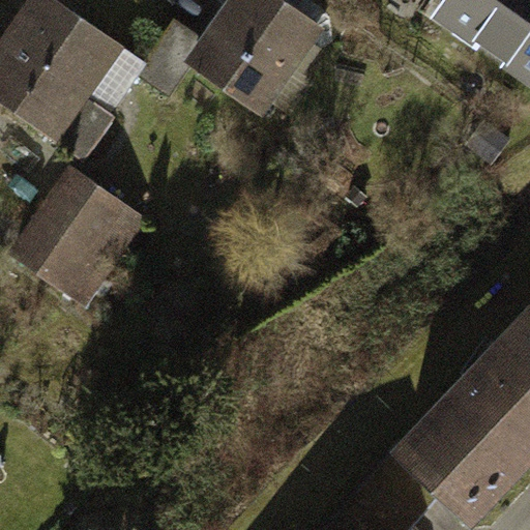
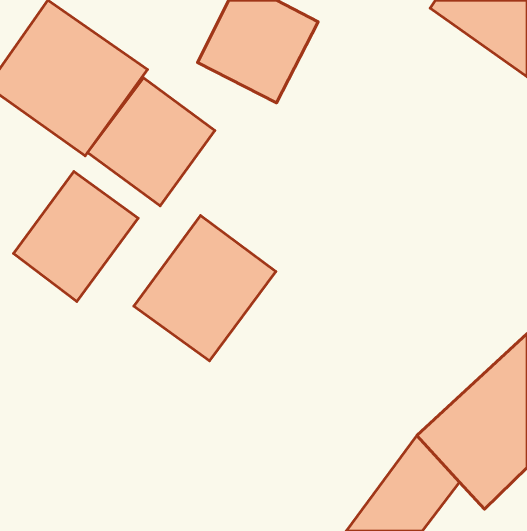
building: none -> [88,78,215,206]
building: none -> [134,215,276,361]

